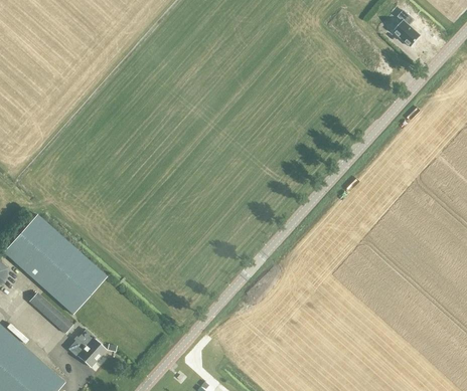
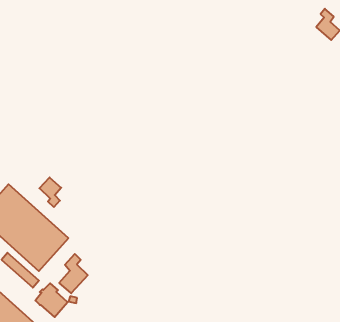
building: none -> [39,177,61,207]
building: none -> [59,254,88,293]

